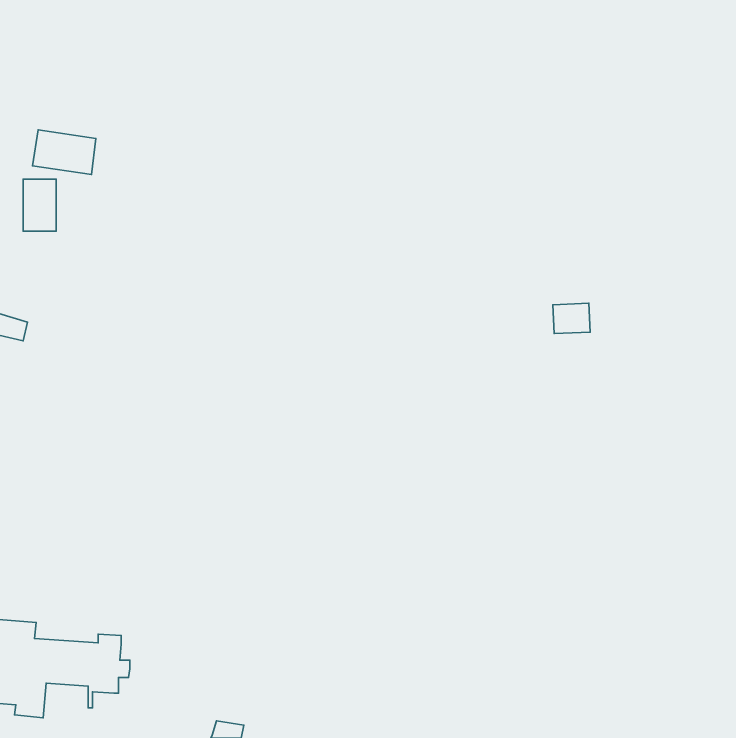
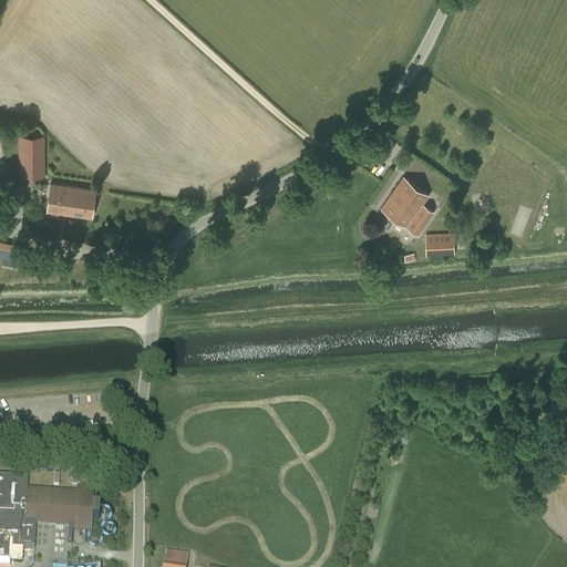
building: [32,130,96,174] -> [45,184,94,218]
building: none -> [380,176,433,235]

